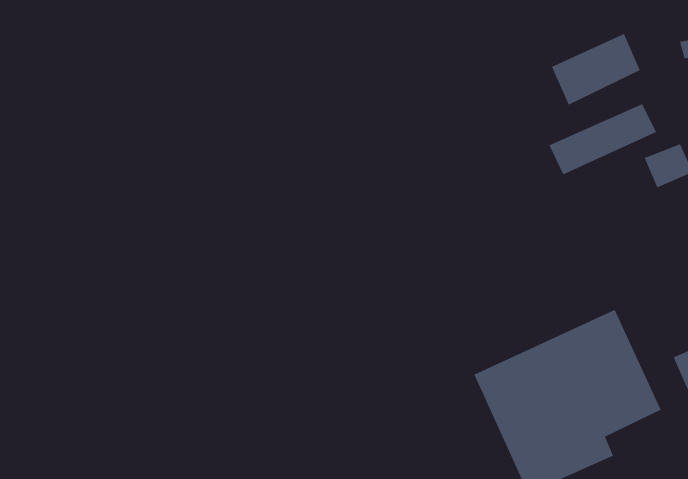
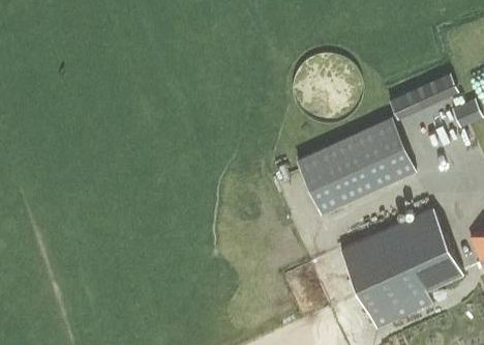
building: [551,33,640,105] -> none
building: none -> [297,117,416,214]

